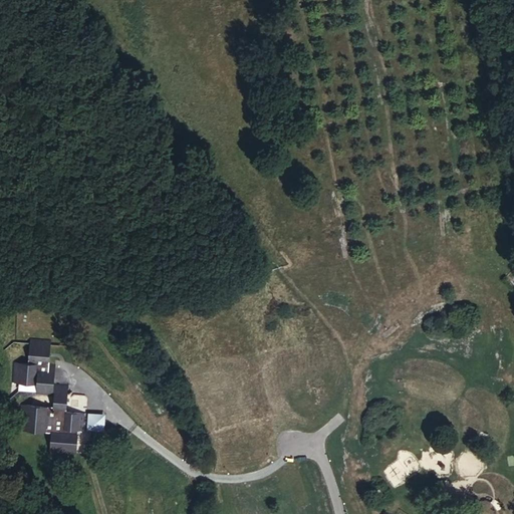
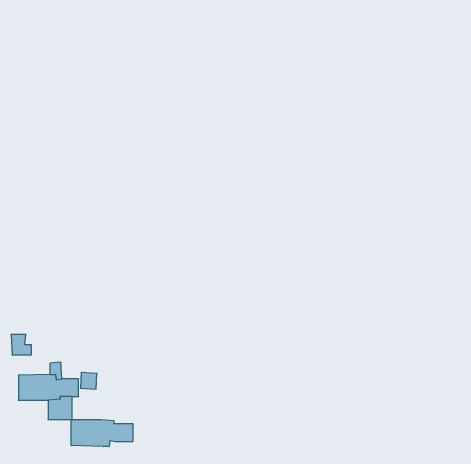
building: [28,343,49,395] -> none
building: none -> [71,420,133,447]

